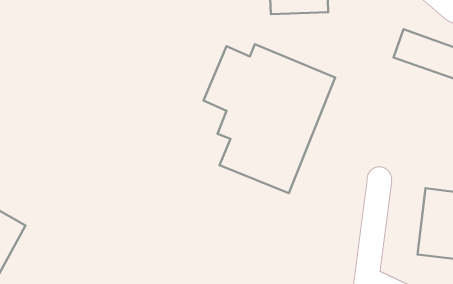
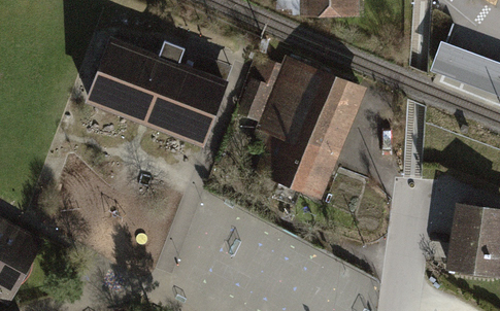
building: none -> [85,41,231,142]

